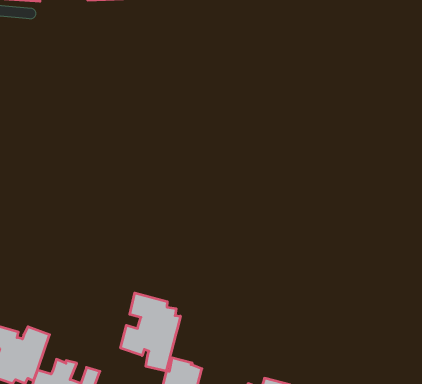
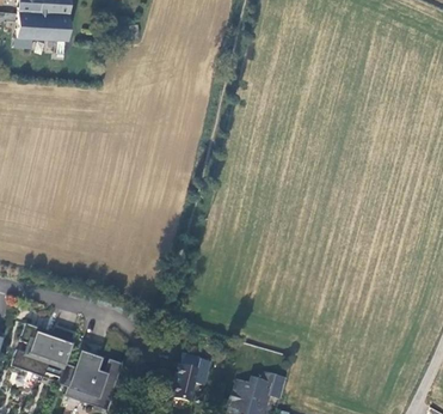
building: [121,293,180,371] -> none

